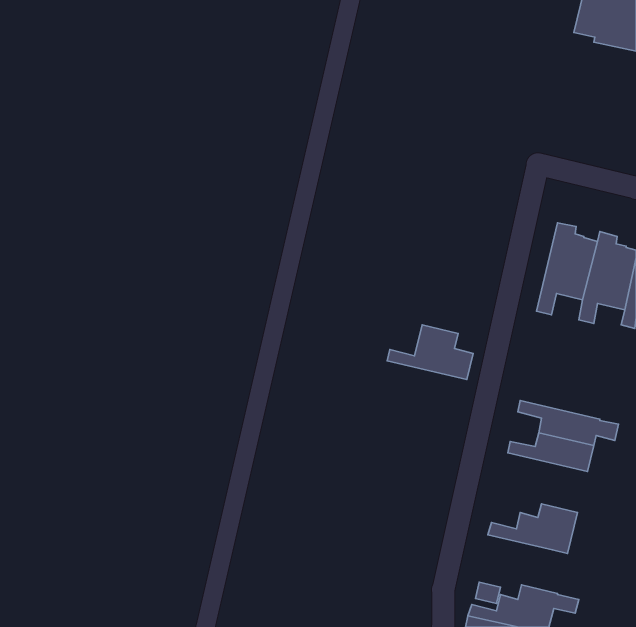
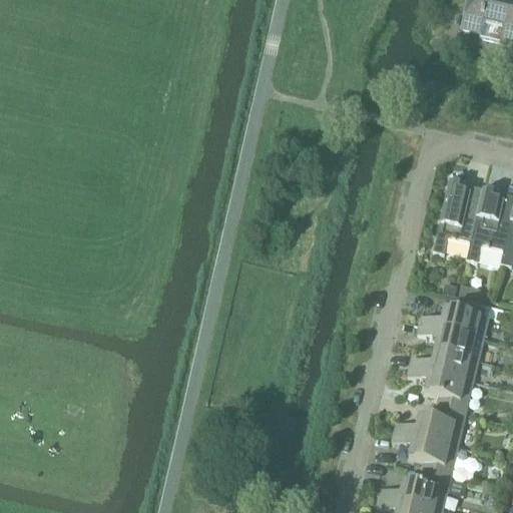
building: [387,325,473,379] -> [419,294,488,338]
building: none -> [407,365,473,413]
building: none -> [391,431,457,478]

